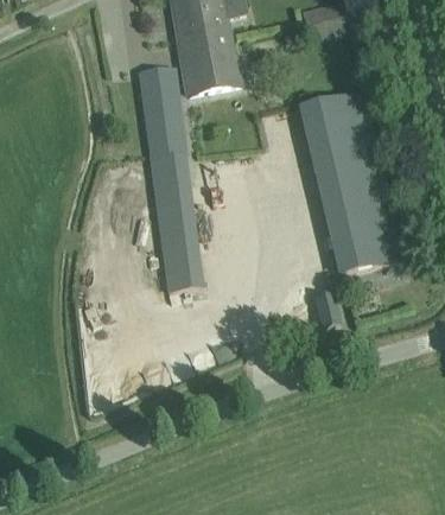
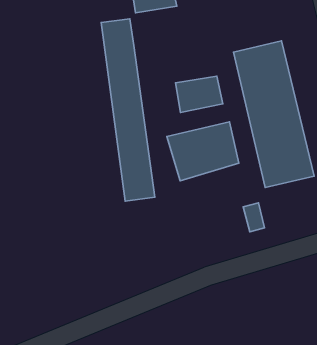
building: [180,49,239,94] -> [176,76,223,113]
building: none -> [167,122,239,181]

